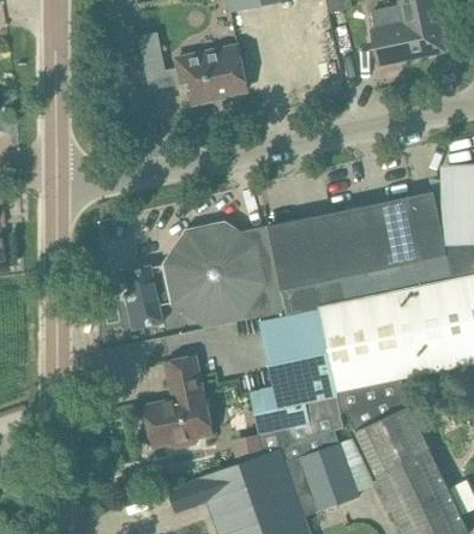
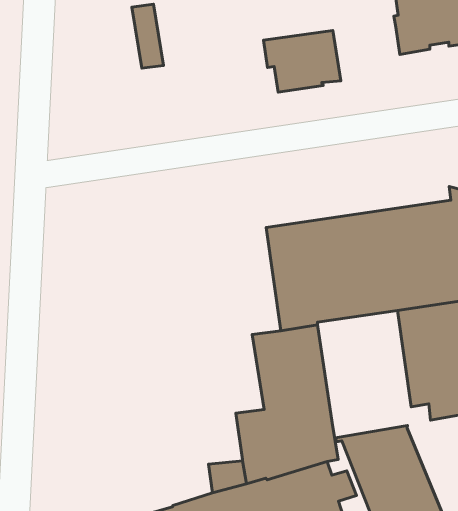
building: [176,47,247,104] -> [264,31,341,92]
building: [126,222,287,329] -> none
building: [319,293,407,409] -> none
building: [144,355,215,448] -> none

